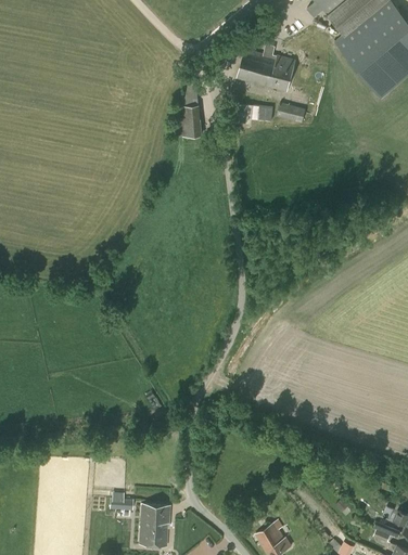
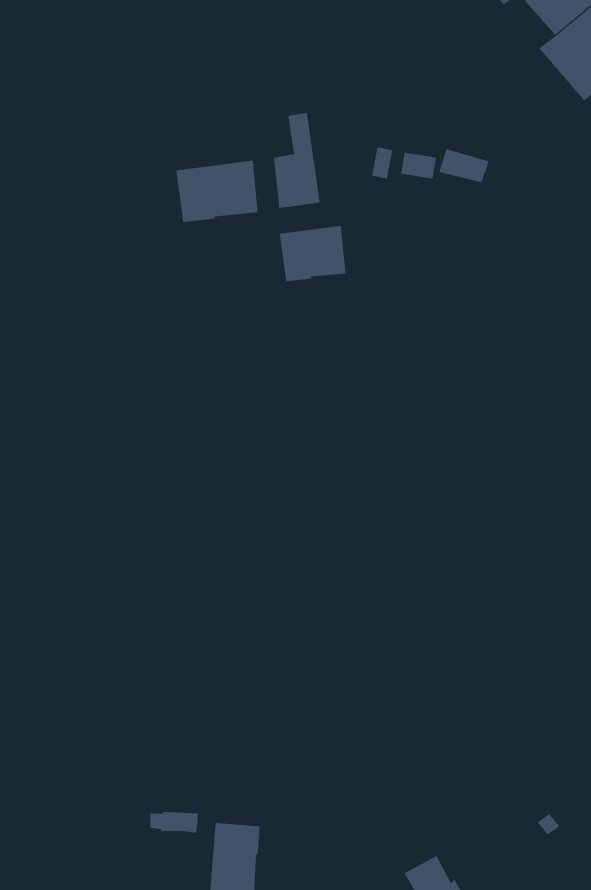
building: [237,44,294,92] -> none
building: none -> [176,160,258,223]
building: none -> [279,225,346,282]

